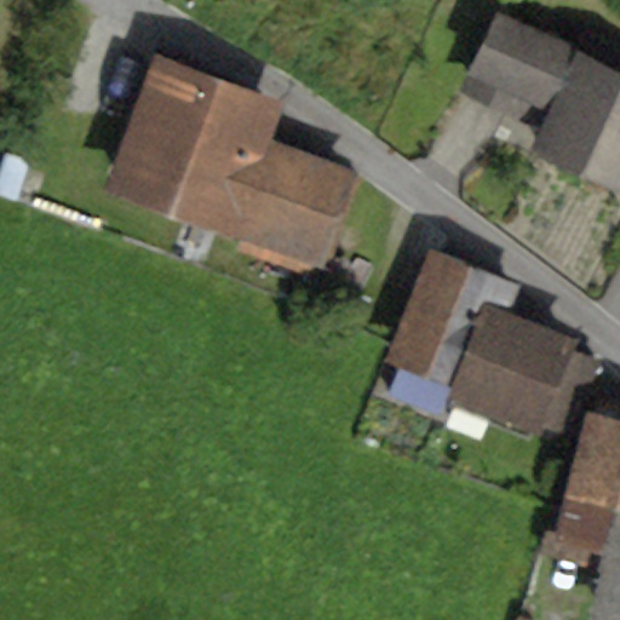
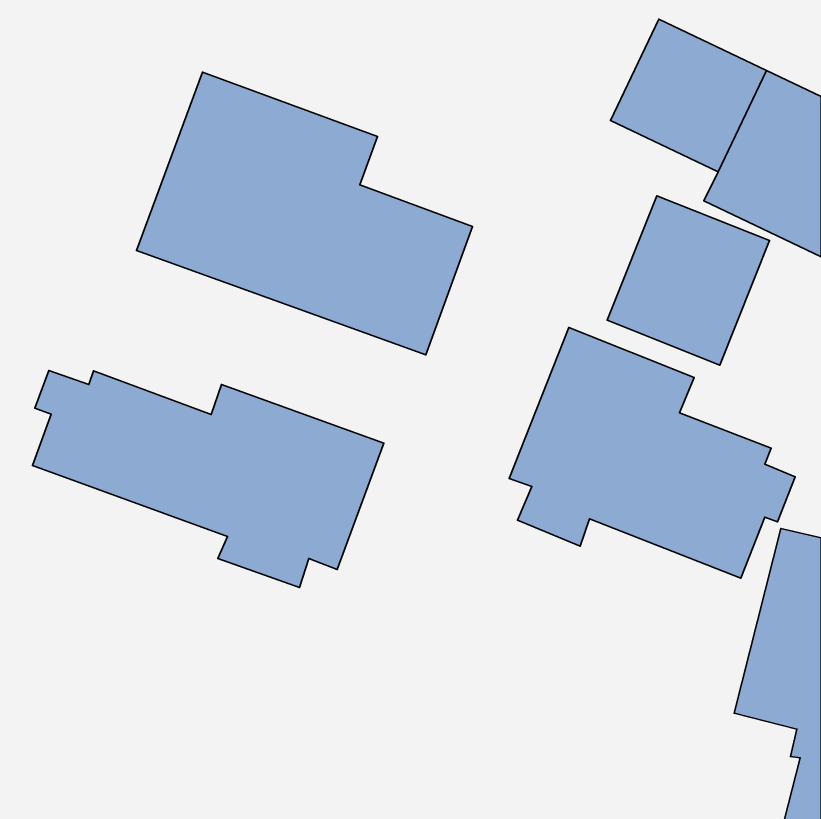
building: none -> [607,196,770,365]
building: none -> [33,371,384,587]

